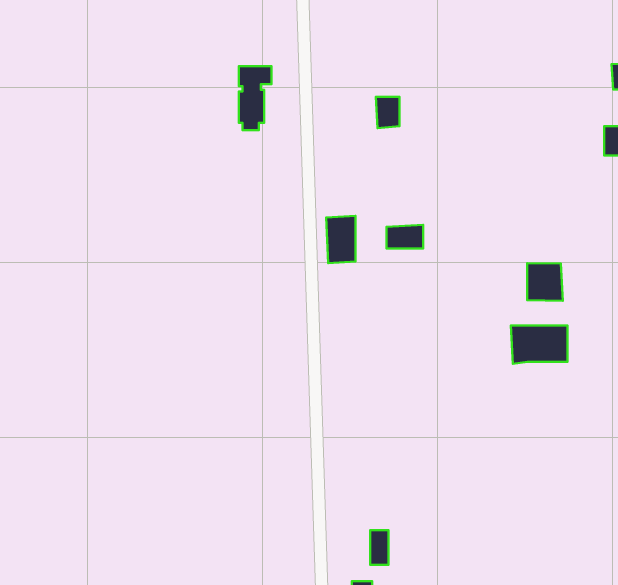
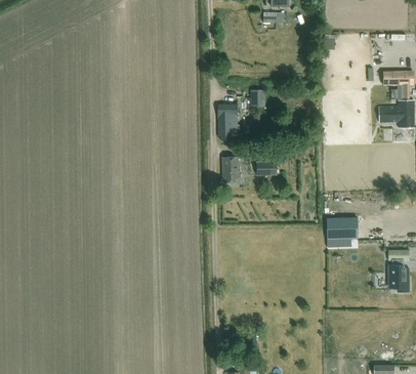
building: [239,66,272,130] -> [218,105,237,140]
building: [527,263,563,301] -> none

